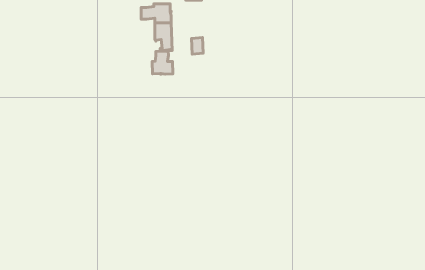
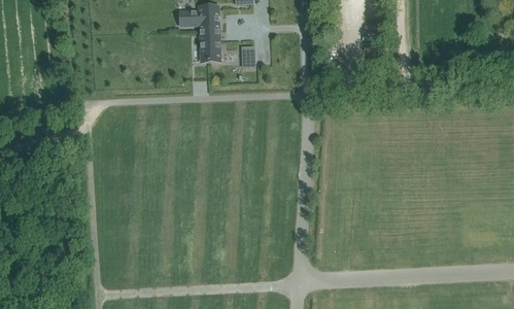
building: [152,51,173,74] -> none

